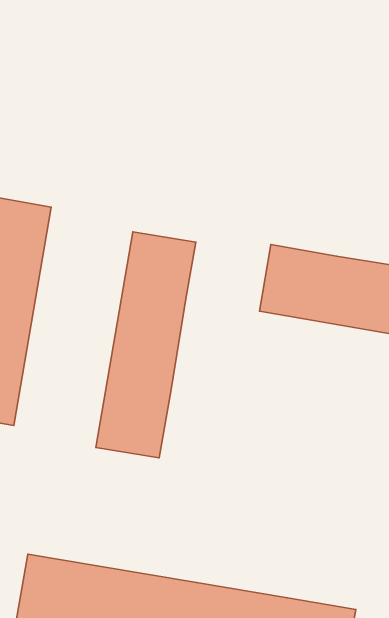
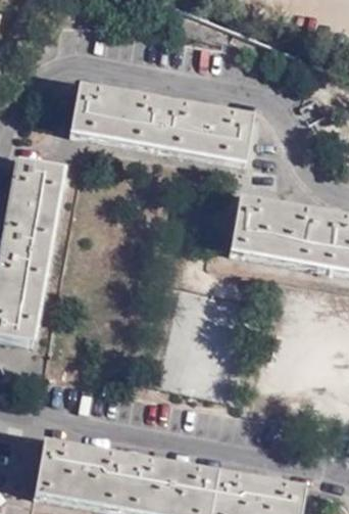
building: none -> [69,90,253,168]
building: [96,232,196,458] -> none

